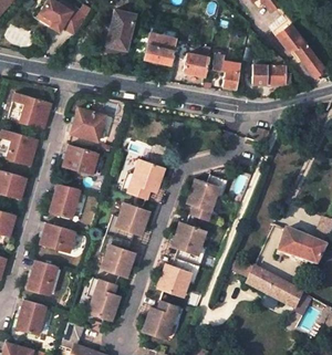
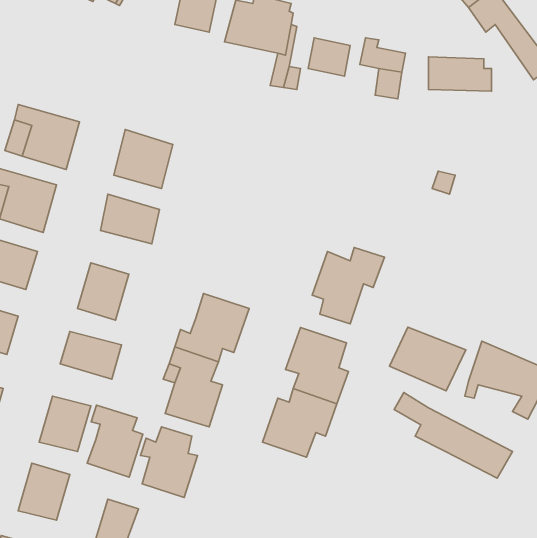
building: [121,159,164,199] -> none
building: none -> [389,327,466,391]
building: none -> [87,405,143,477]
building: [142,301,183,340] -> none

